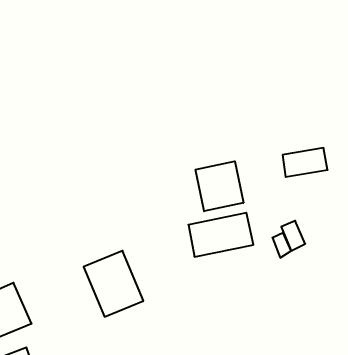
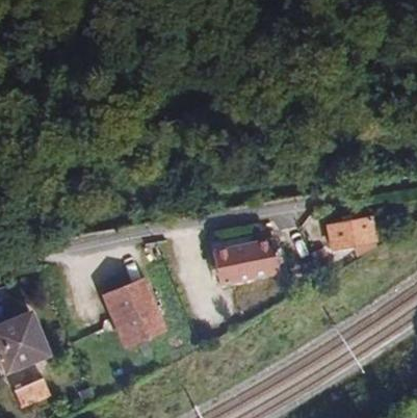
building: [283,148,328,177] -> [328,217,374,247]
building: [196,161,243,211] -> none

